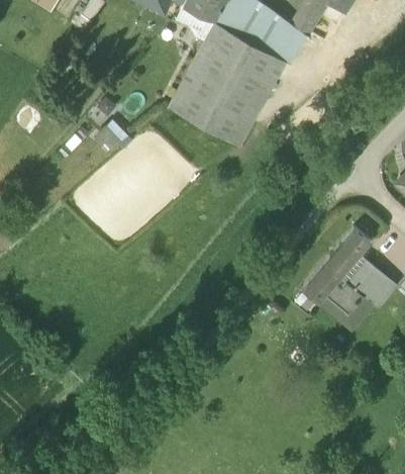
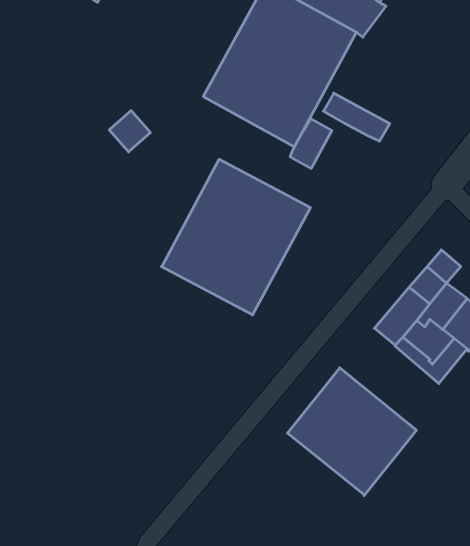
building: none -> [323,93,390,141]
building: none -> [290,119,332,168]
building: none -> [161,159,310,315]
building: none -> [287,368,416,496]

